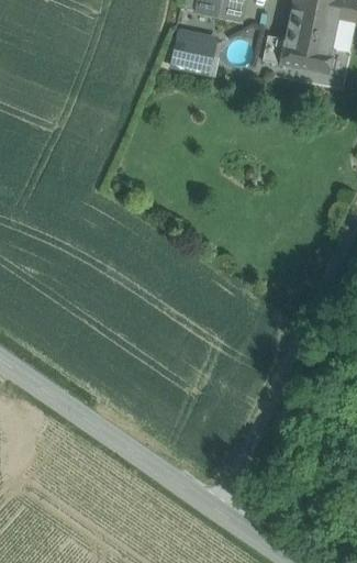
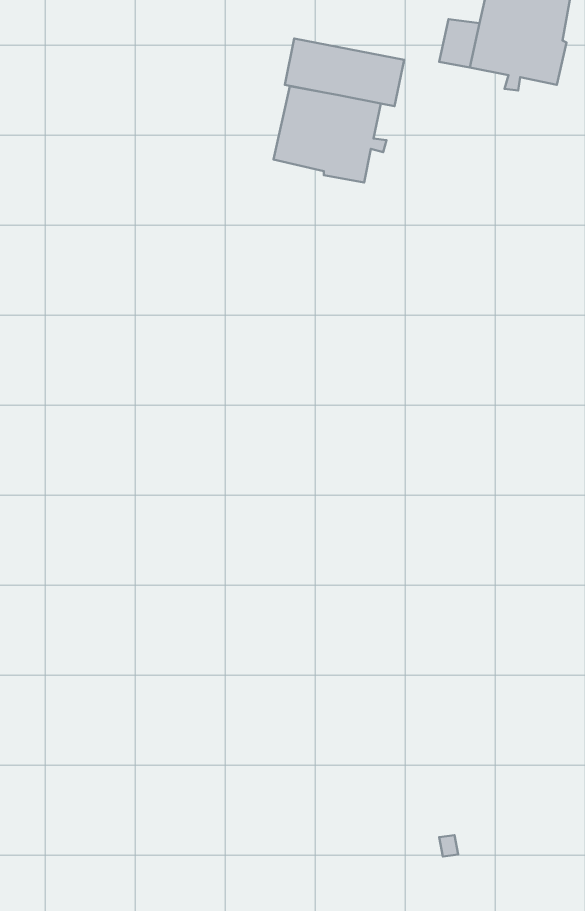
building: none -> [274,86,387,183]

